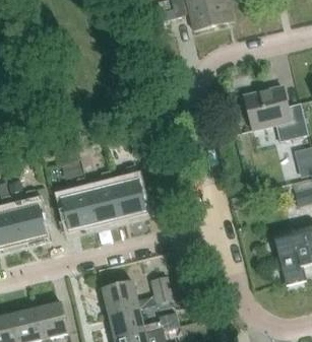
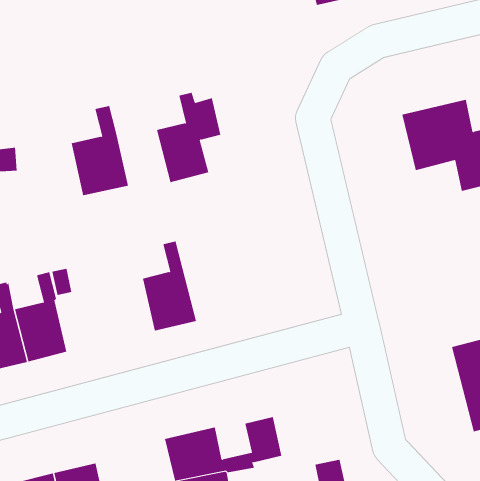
building: [114,164,152,218] -> [156,92,221,183]
building: [62,177,97,230] -> [71,105,129,196]

